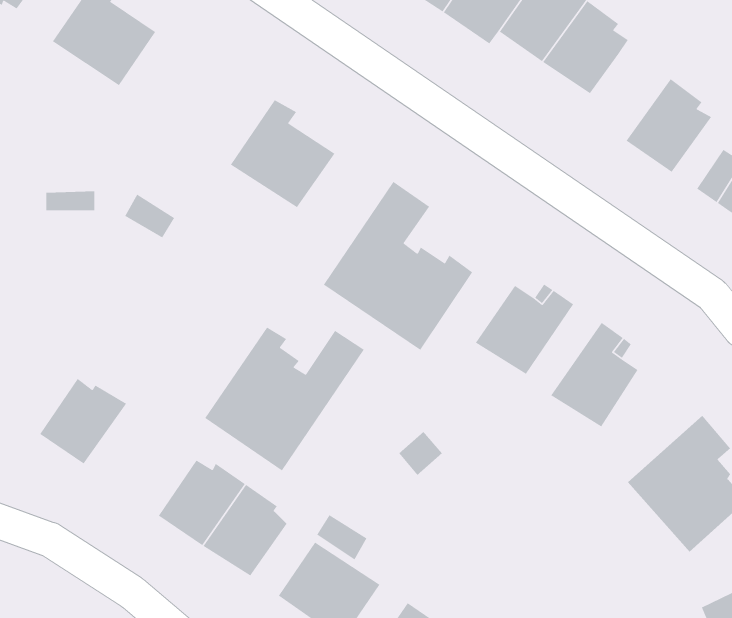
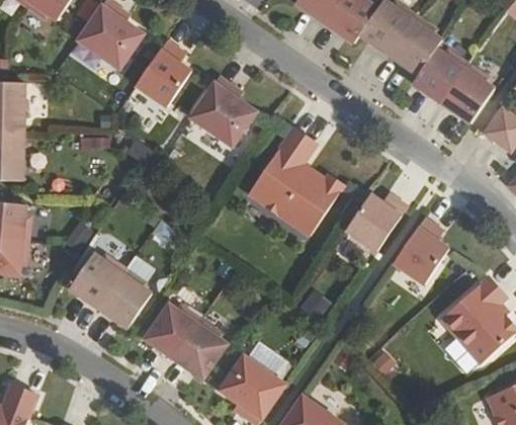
building: none -> [135,40,192,106]
building: none -> [411,48,467,102]
building: [204,327,365,472] -> none
building: none -> [97,268,152,328]

